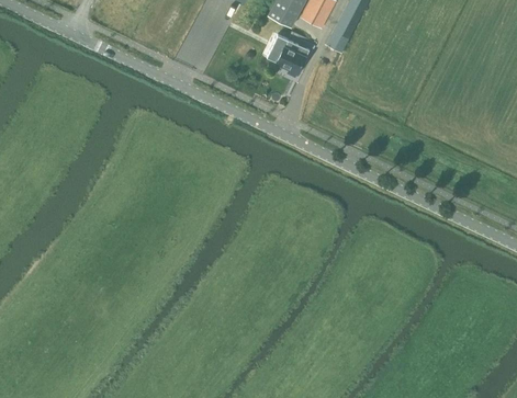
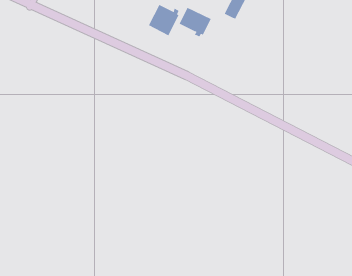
building: none -> [148,4,179,36]

